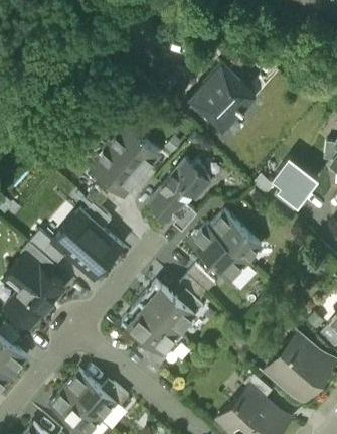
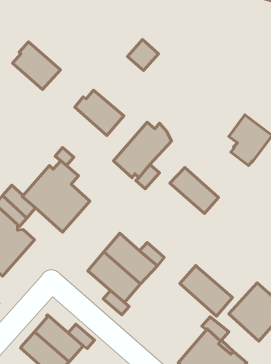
building: [188,66,256,135] -> none
building: [91,146,142,197] -> [12,42,60,90]
building: [190,226,246,280] -> [180,266,232,316]
building: [179,268,215,303] -> none

